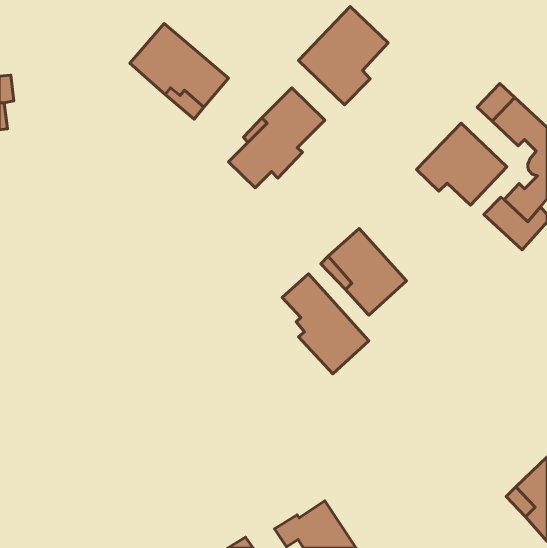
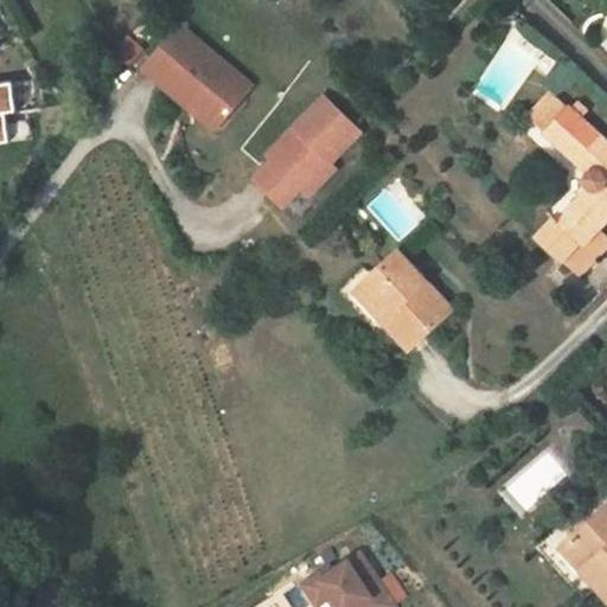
building: [299,7,388,105] -> none
building: [417,123,507,205] -> none
building: [282,274,369,374] -> none

